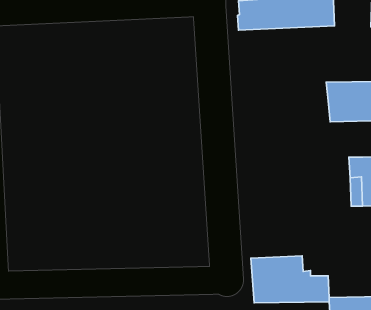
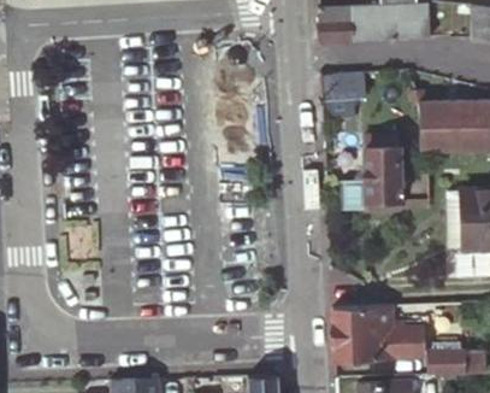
building: none -> [320,72,366,119]
building: none -> [342,133,401,209]

